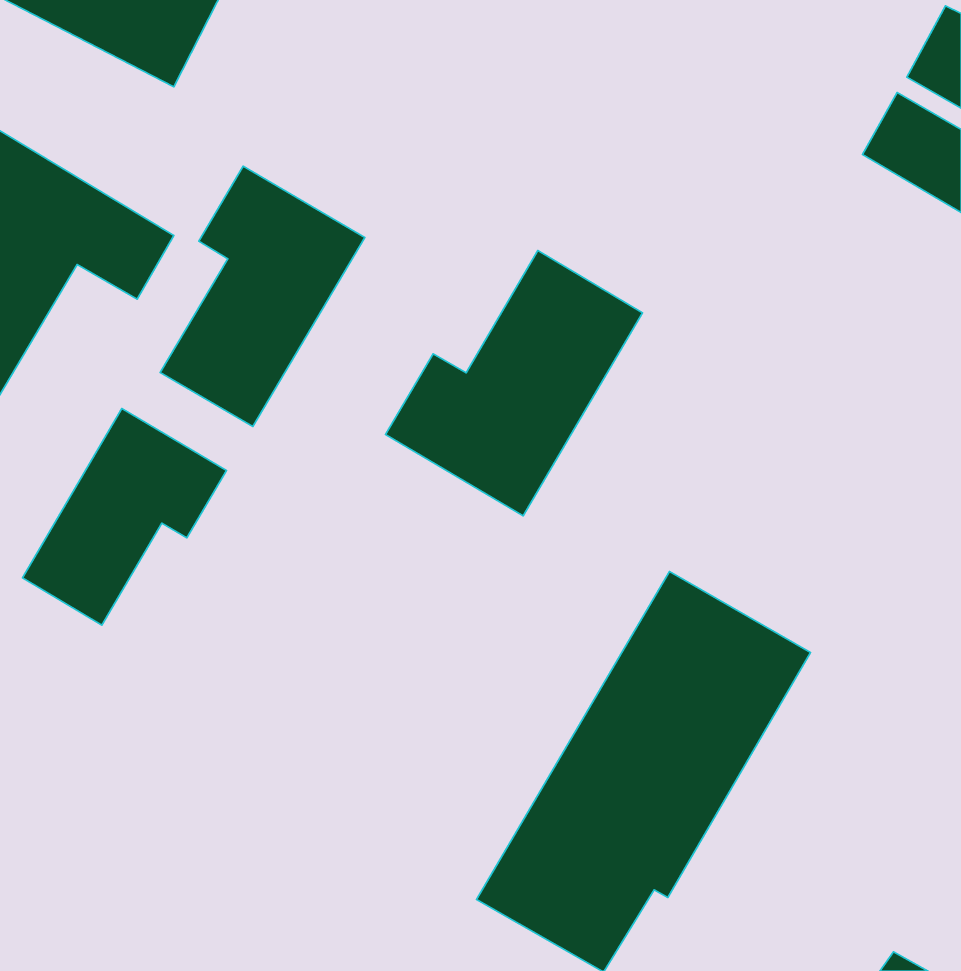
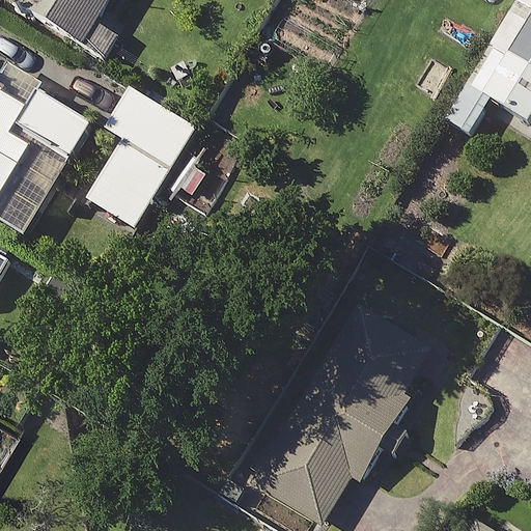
building: [385,250,642,516] -> none
building: [22,408,227,625] -> none

